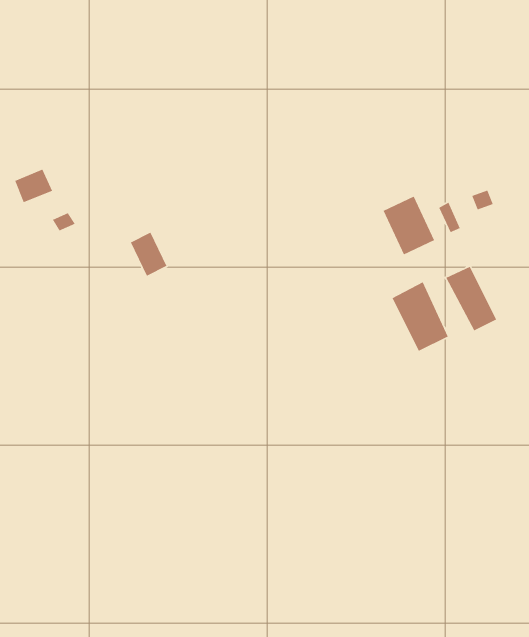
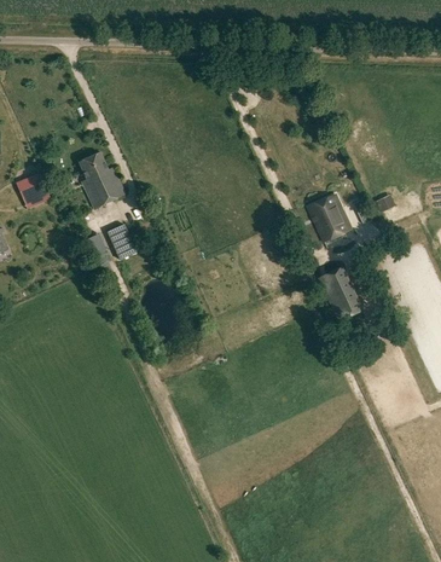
building: none -> [77,151,126,208]
building: [445,266,497,331] -> none

